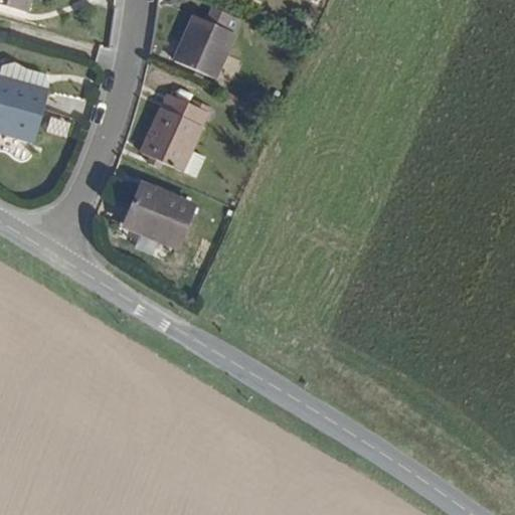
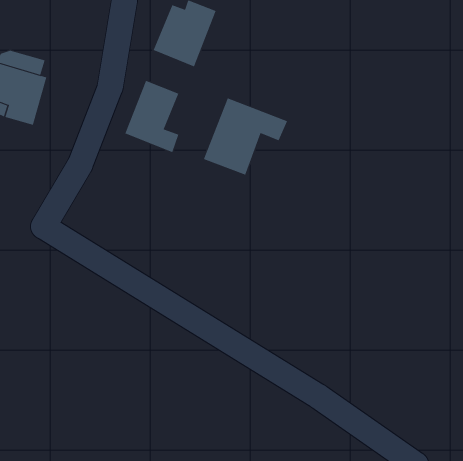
building: none -> [203,98,288,176]
building: [125,182,197,249] -> none

